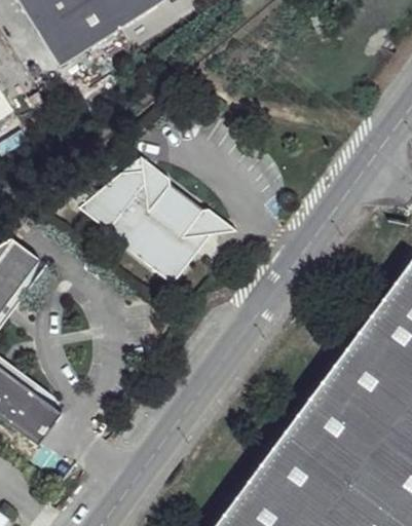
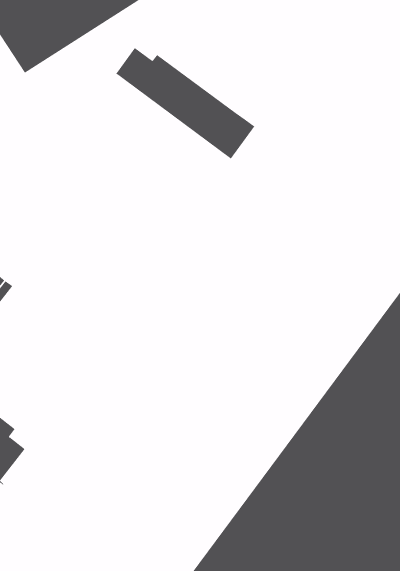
building: none -> [112,47,255,160]
building: [81,160,236,289] -> none

